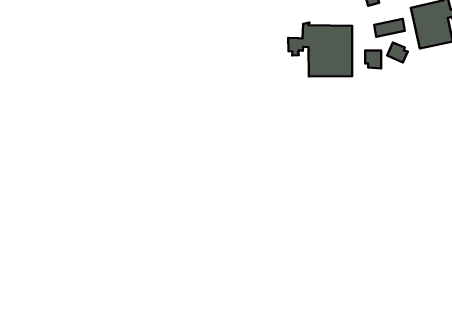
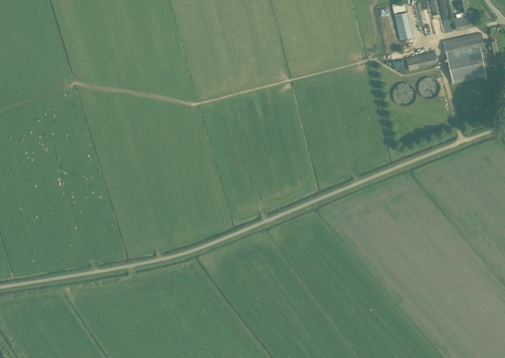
building: [288,22,352,76] -> none

